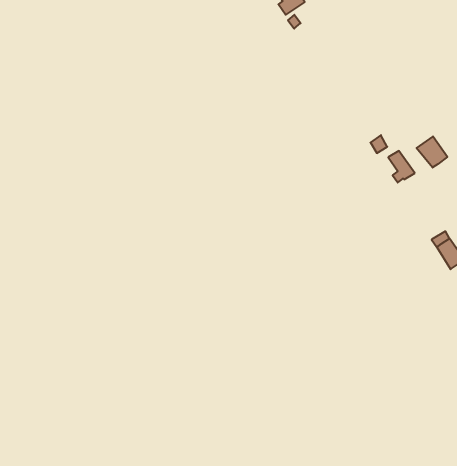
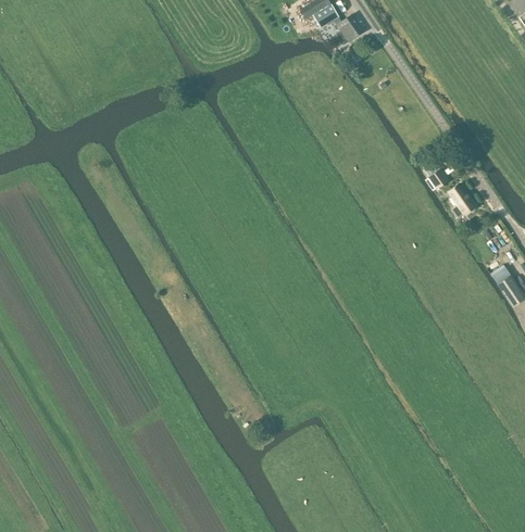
building: [417,136,447,168] -> none

